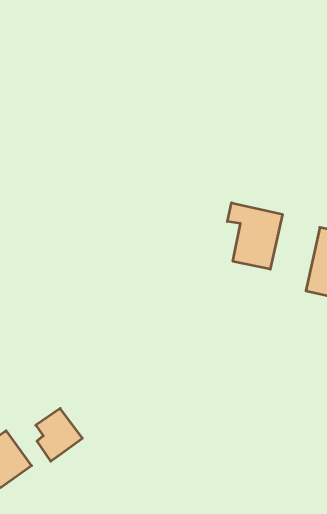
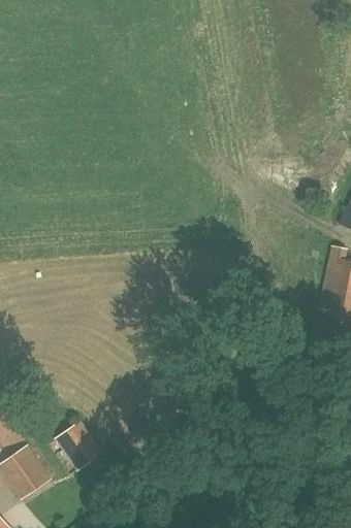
building: [227,203,282,269] -> none

